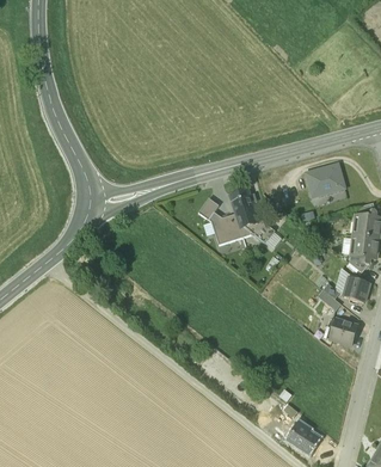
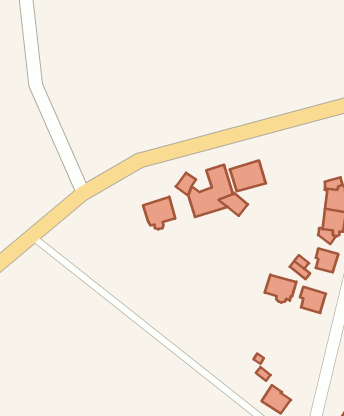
building: [306,164,344,196] -> [230,161,266,191]
building: none -> [143,197,175,229]
building: none -> [265,275,296,303]

